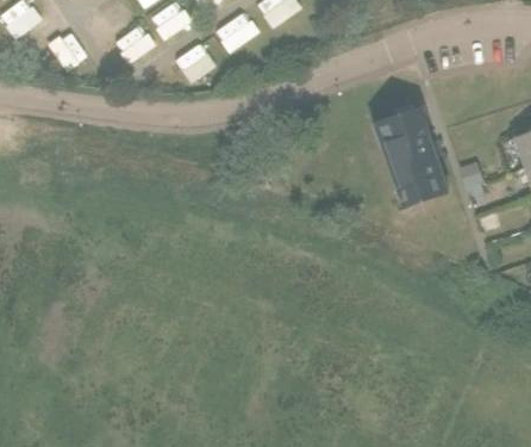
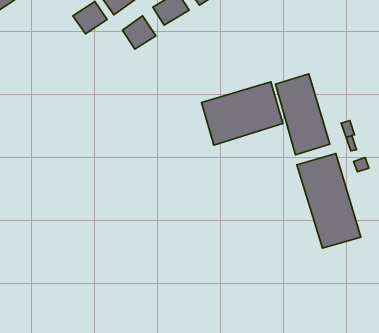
building: none -> [202,82,283,145]
building: none -> [297,154,361,248]

